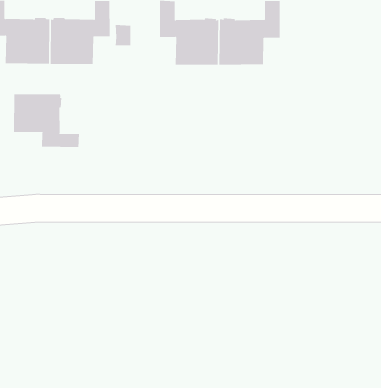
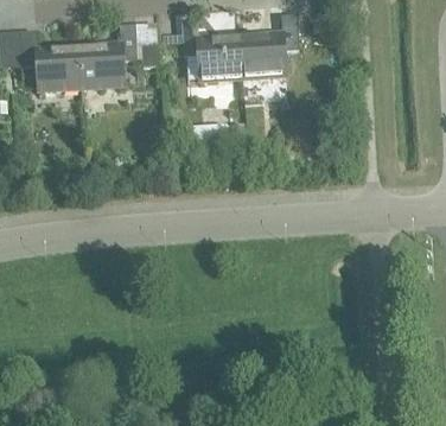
building: [14,93,79,148] -> none

